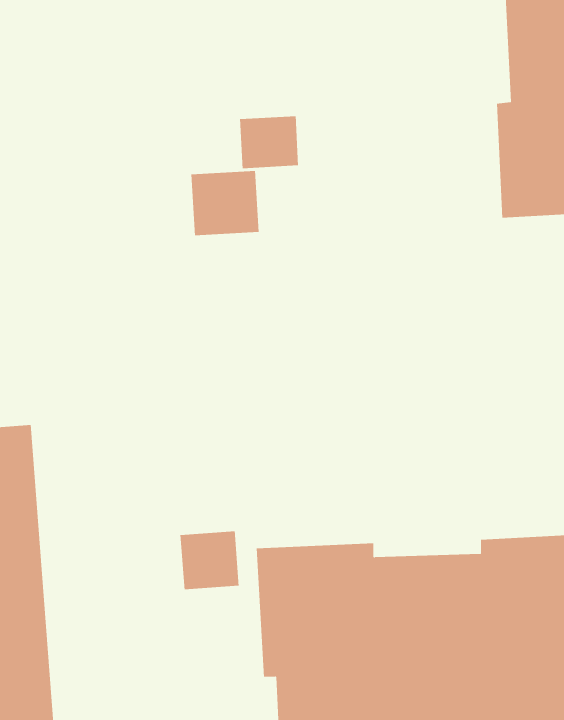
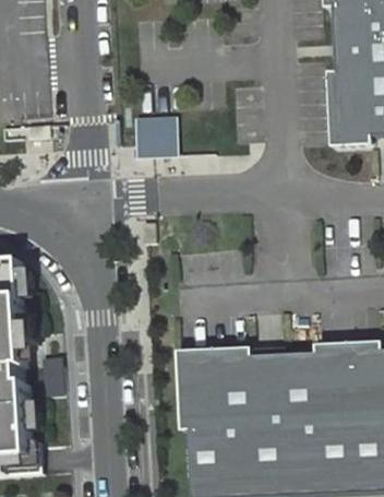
building: [240,116,299,169] -> none
building: [180,530,239,590] -> none

